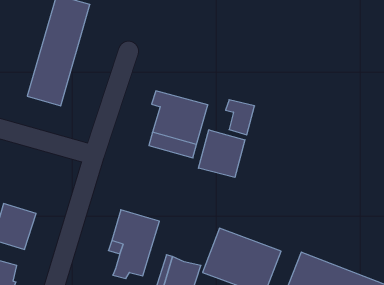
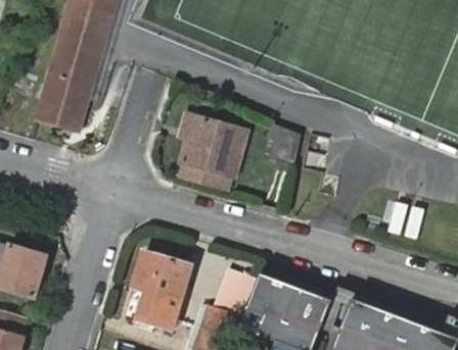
building: [198,130,245,177] -> none
building: none -> [218,270,256,315]

